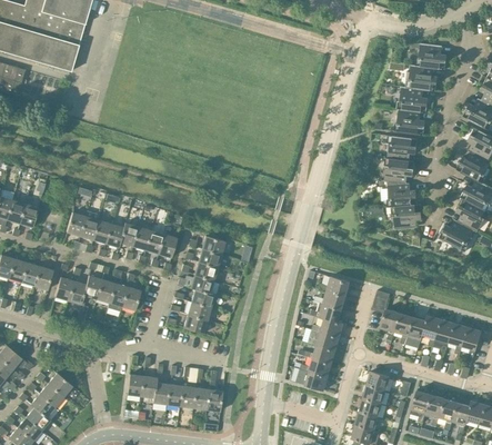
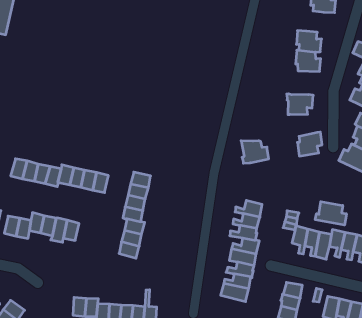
building: [409,65,436,91] -> none
building: [386,136,416,160] -> none
building: [386,181,416,207] -> [241,141,269,163]
building: none -> [315,202,346,225]

